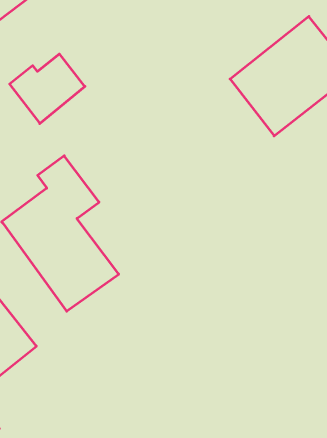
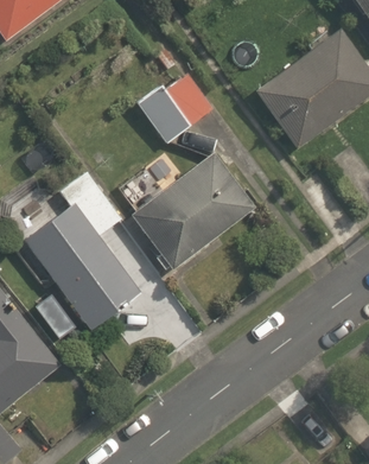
building: [10,54,85,124] -> [138,74,215,145]
building: none -> [132,154,255,271]

